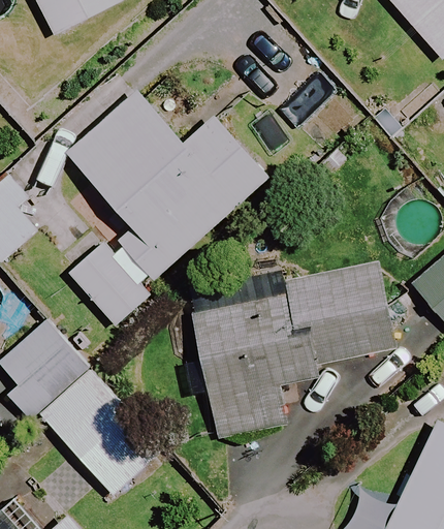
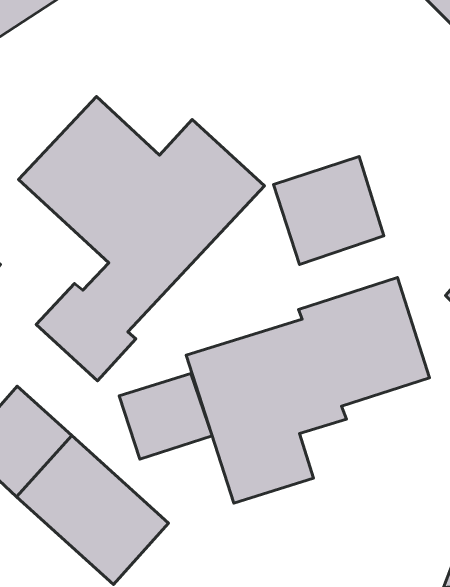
building: none -> [274,157,384,264]
building: none -> [119,374,212,459]

